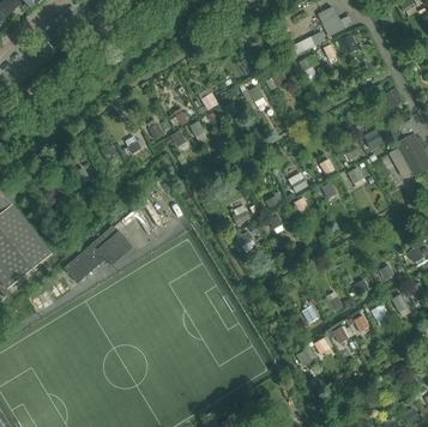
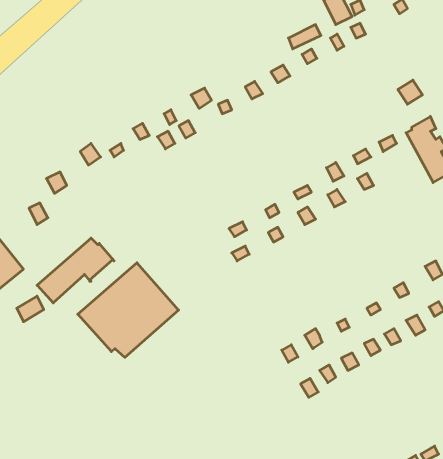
building: none -> [78,263,179,357]

